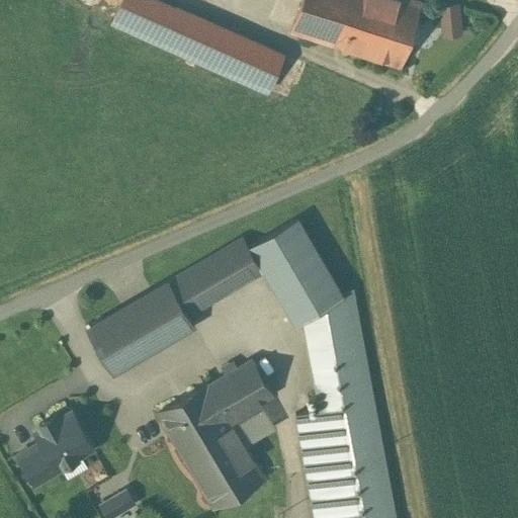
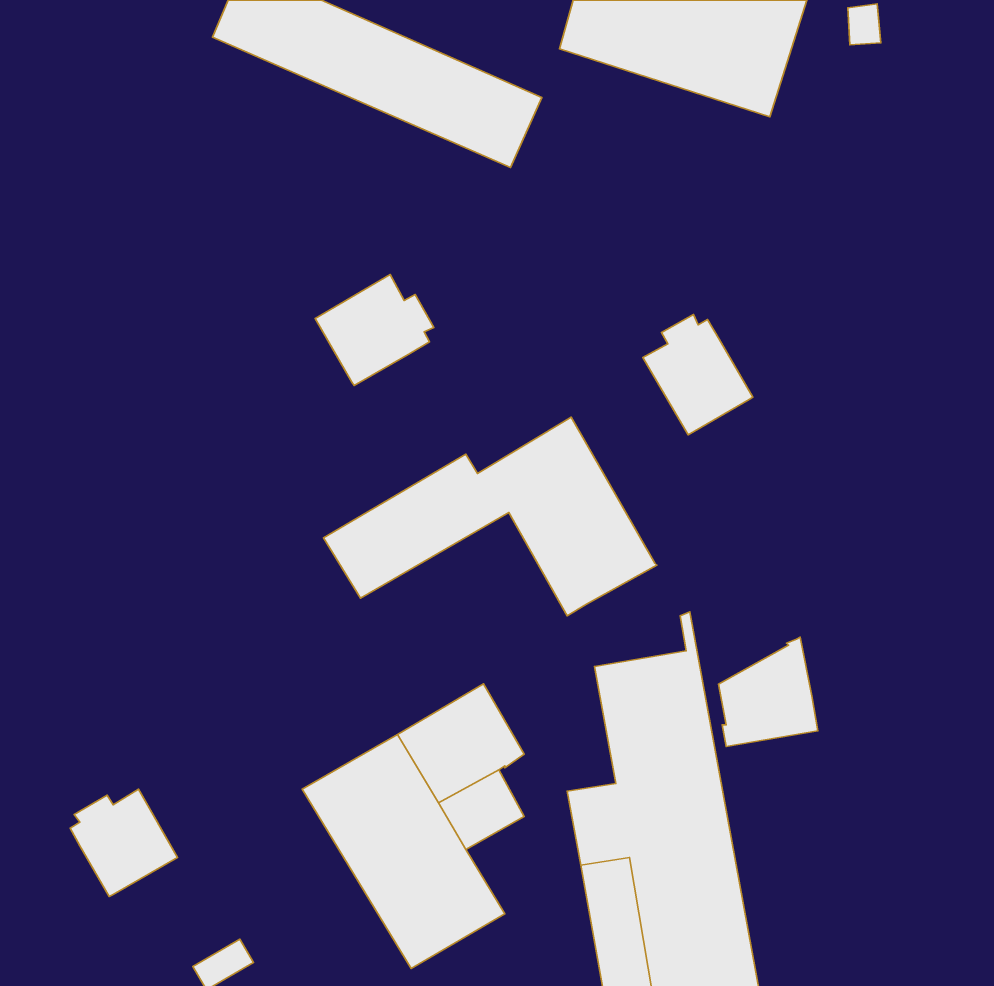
building: none -> [315,275,434,386]
building: none -> [643,315,753,435]
building: [88,284,194,373] -> none
building: [306,294,357,351] -> [718,637,818,746]
building: [19,444,61,486] -> none

